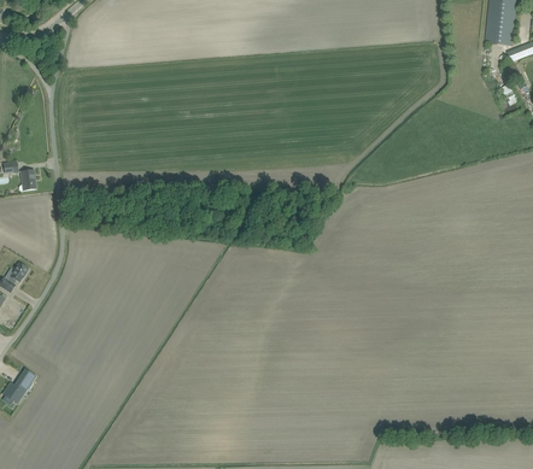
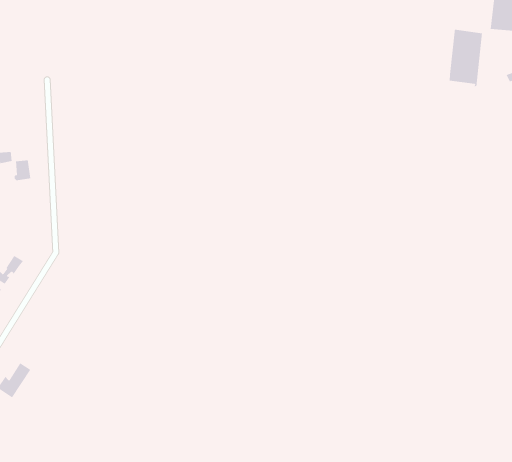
building: none -> [449,29,483,87]

